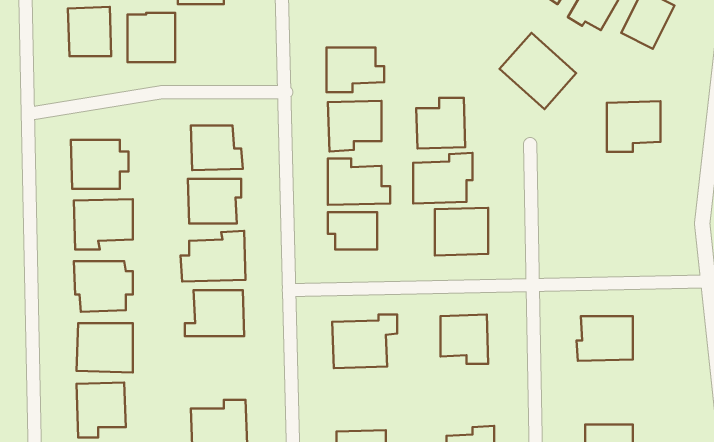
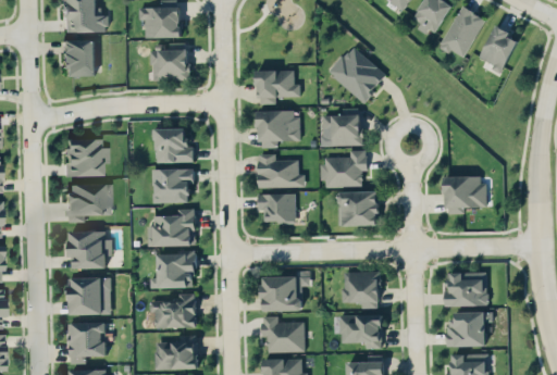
building: [127,13,175,62] -> [152,42,188,79]
building: [500,33,576,109] -> [329,45,386,102]
building: [607,101,660,152] -> [445,175,485,213]
building: none -> [150,292,195,327]
building: none -> [446,311,493,346]
building: none -> [341,314,382,348]
building: none -> [261,315,305,351]

